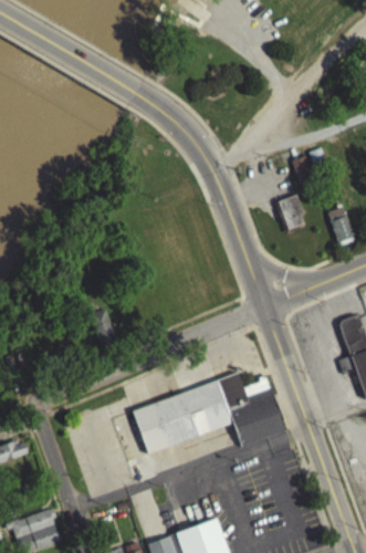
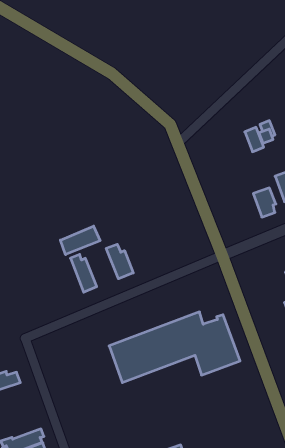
building: [278,194,304,228] -> [253,188,276,217]
building: none -> [60,226,100,255]
building: none -> [106,244,133,279]

